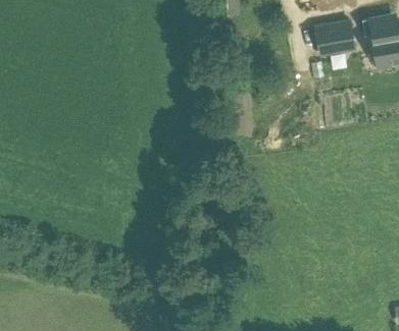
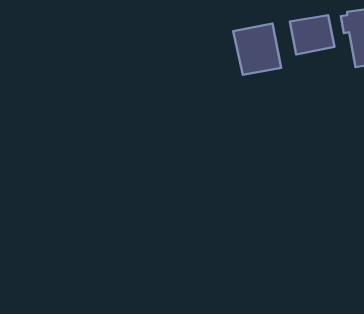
building: none -> [233,23,281,75]

